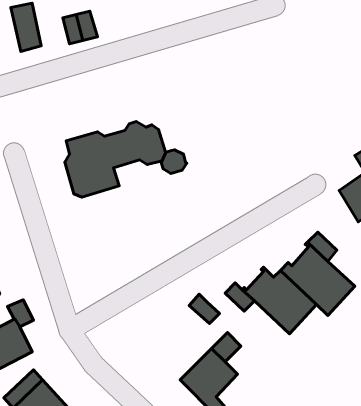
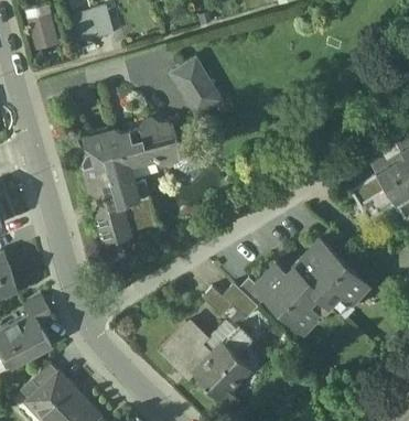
building: none -> [171,61,217,114]
building: none -> [96,180,154,244]
building: none -> [219,283,256,319]
building: none -> [158,323,212,374]

